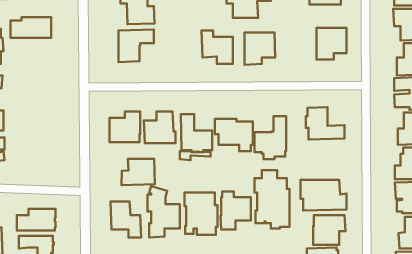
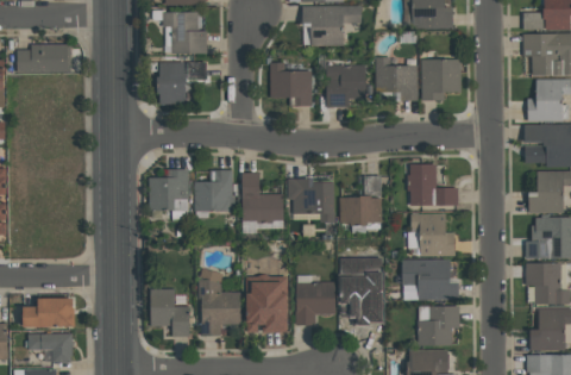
building: none -> [375,56,418,100]
building: none -> [407,213,454,256]
building: [121,159,155,185] -> none

